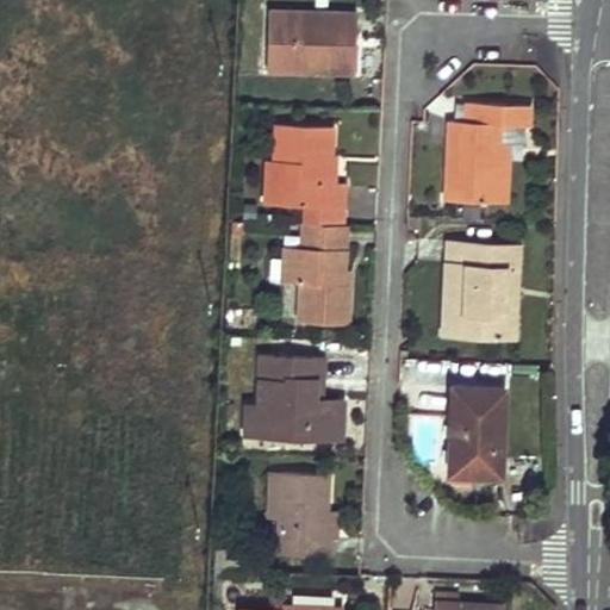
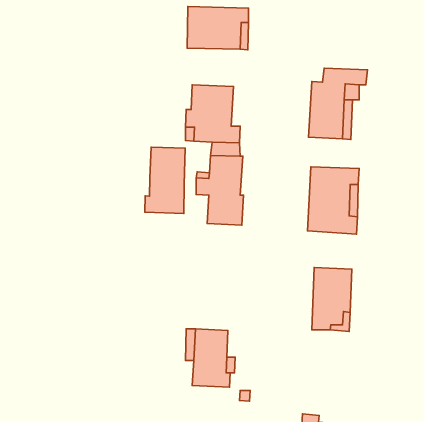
building: none -> [145,147,185,213]
building: [245,359,342,443] -> none

